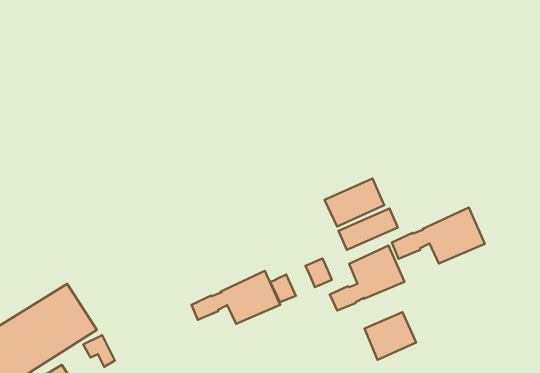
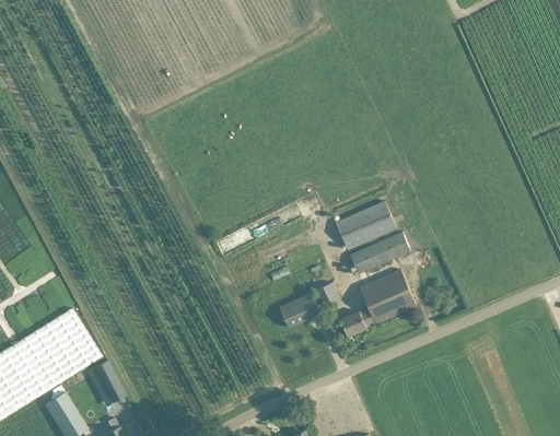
building: [392,208,485,263] -> none
building: [191,271,280,324] -> none
building: [364,312,416,360] -> none

